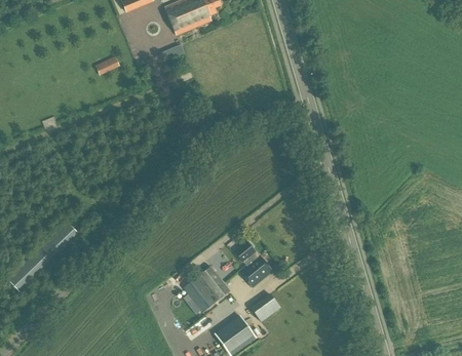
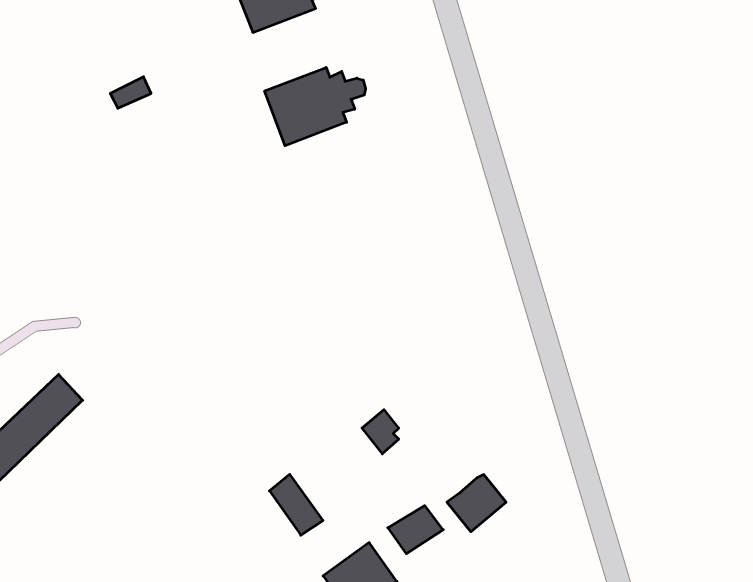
building: none -> [265,67,366,146]
building: [240,255,273,287] -> [447,475,506,532]
building: [196,265,231,303] -> none

